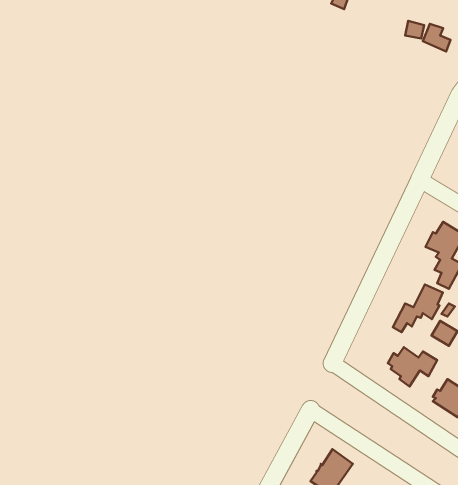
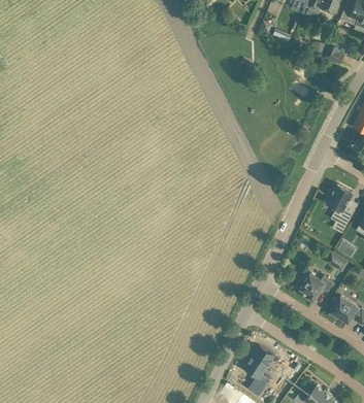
building: [393,284,443,332] -> none

